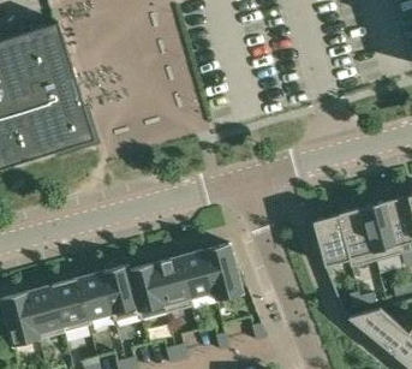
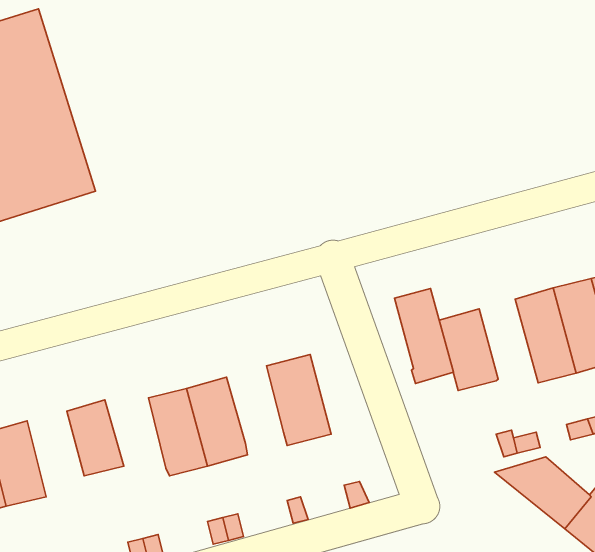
building: [336,207,374,267] -> [394,289,453,384]
building: [177,249,213,298] -> none
building: [100,263,138,321] -> none
building: [50,278,88,332] -> none

